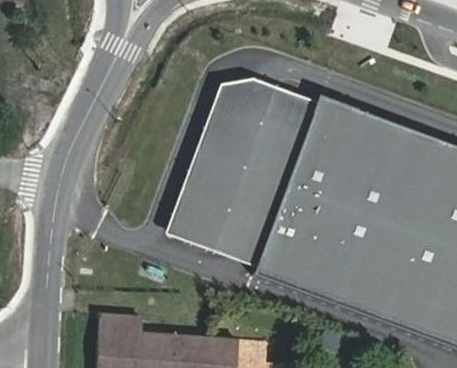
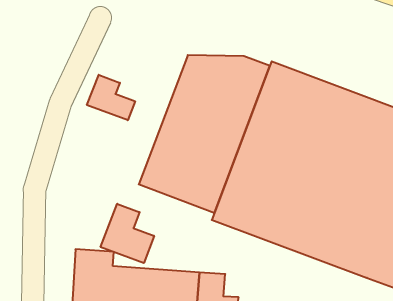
building: none -> [87,75,135,120]
building: none -> [101,204,154,263]

